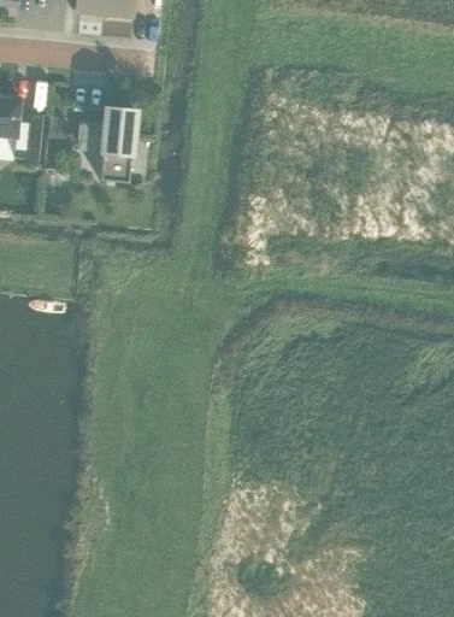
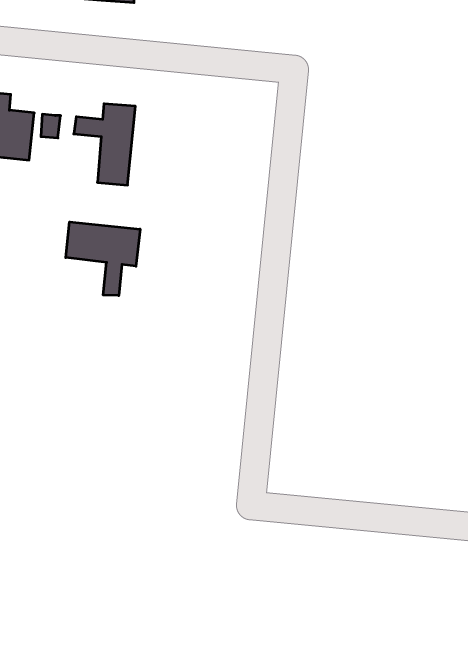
building: none -> [66,222,140,296]

